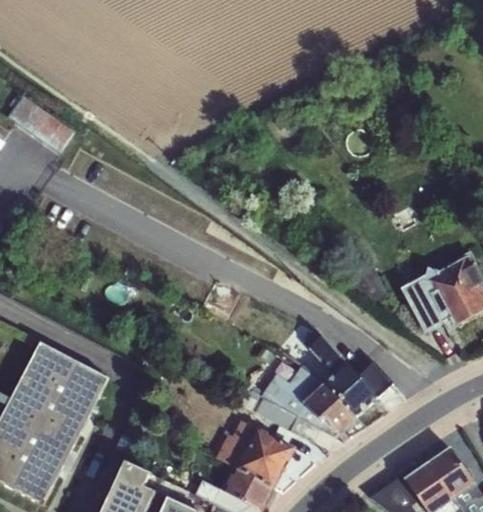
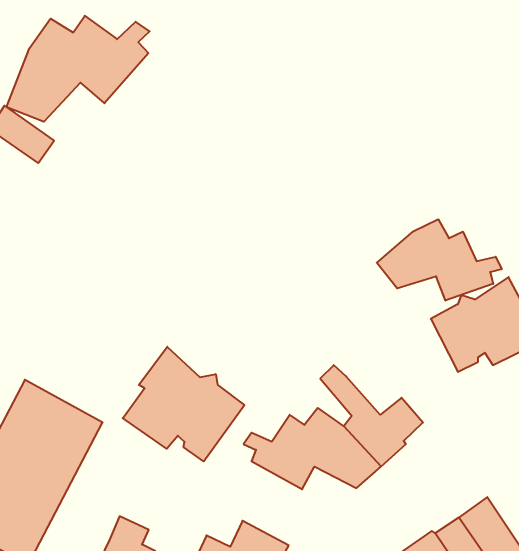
building: none -> [7,16,150,122]
building: none -> [377,219,502,301]
building: none -> [123,347,244,461]
building: [223,421,296,488] -> none

